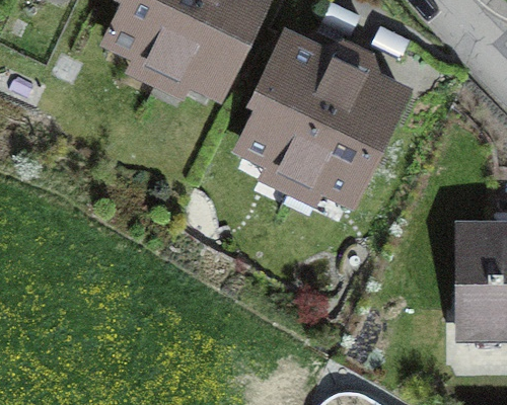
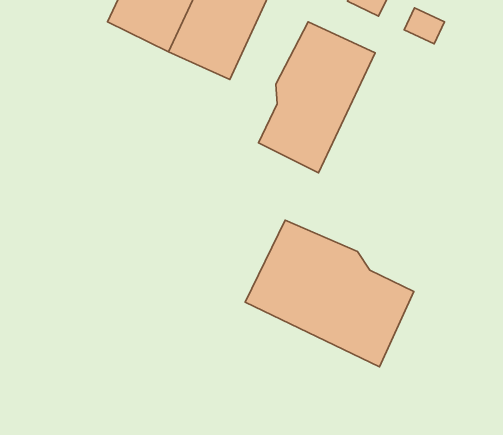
building: [298,66,403,196] -> none
building: none -> [245,220,414,367]

